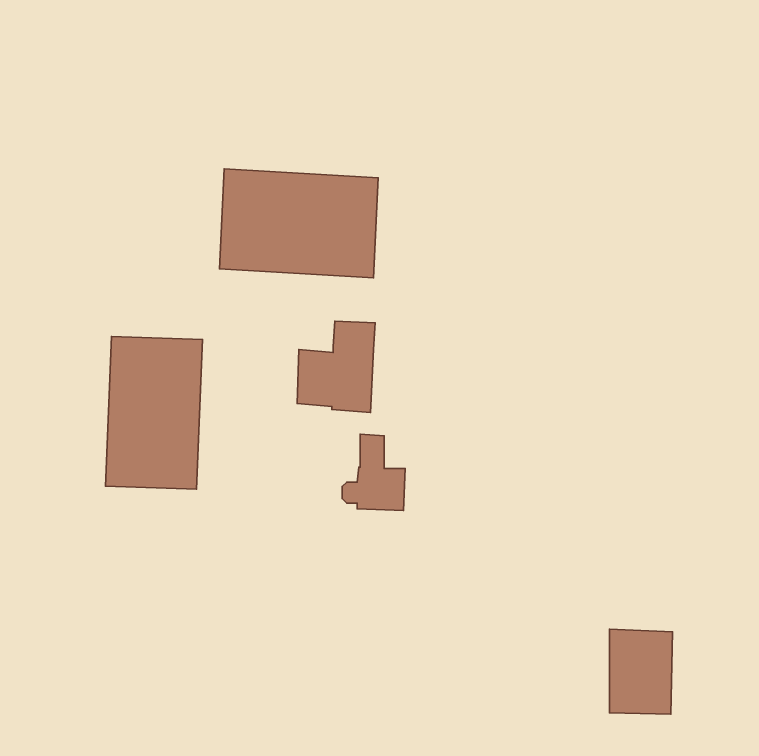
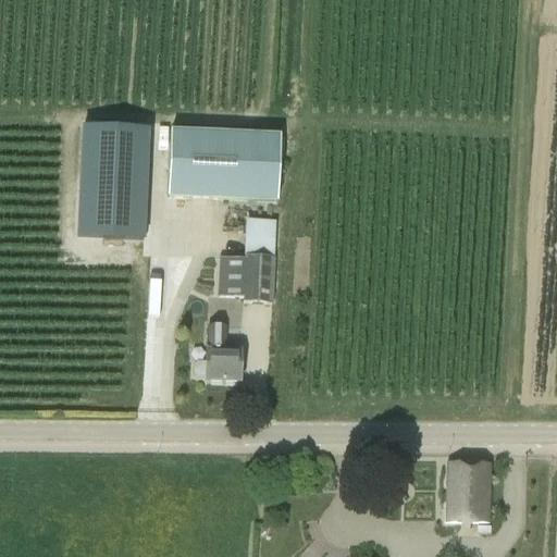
building: [105,337,203,489] -> [79,125,150,236]
building: [342,434,405,510] -> [196,323,242,379]

